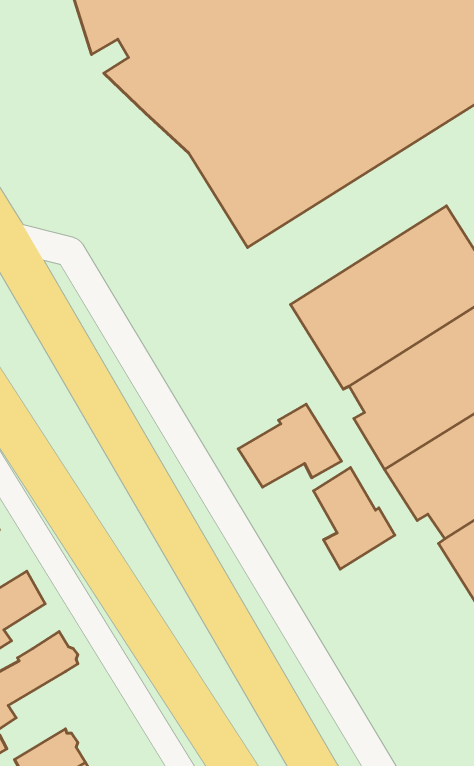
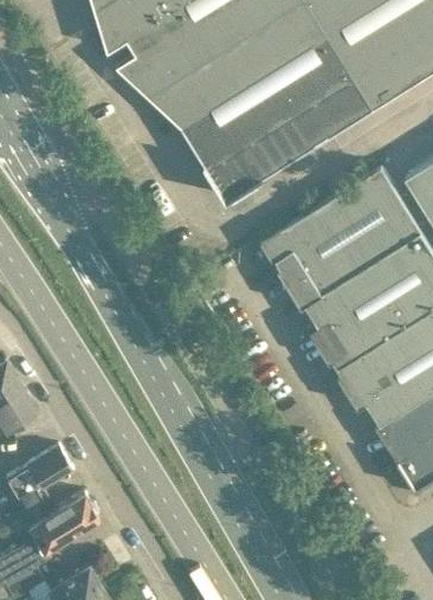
building: [238,404,342,487] -> none
building: [314,468,395,569] -> none

